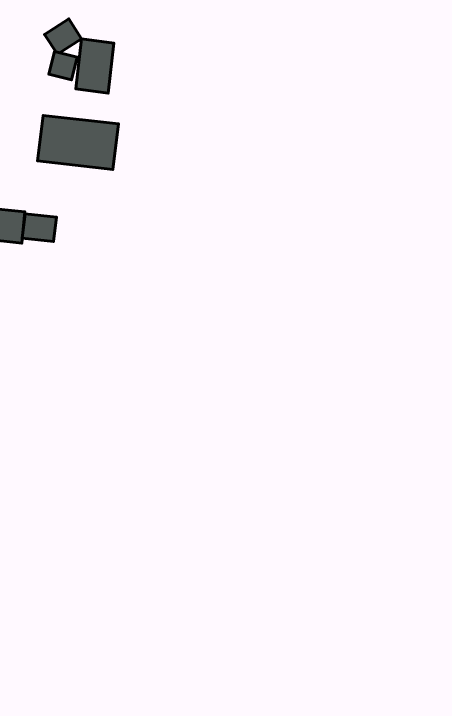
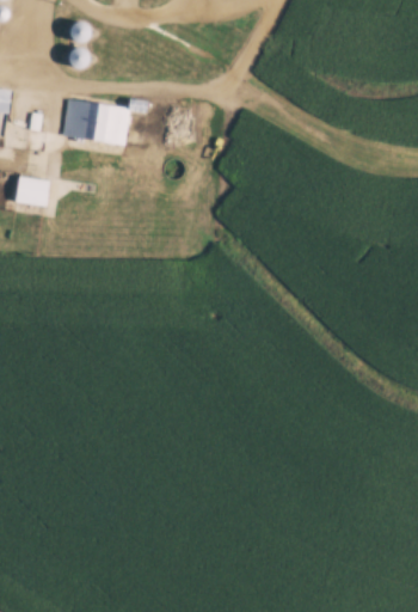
building: [76,39,114,93] -> none
building: [22,214,57,242] -> none

